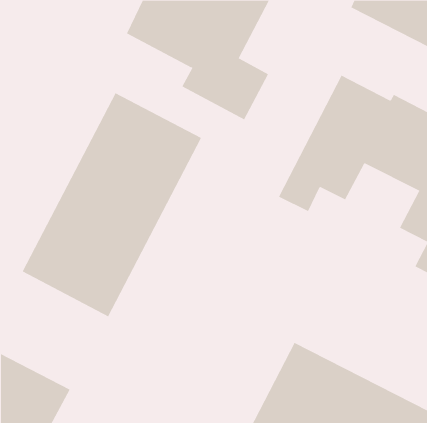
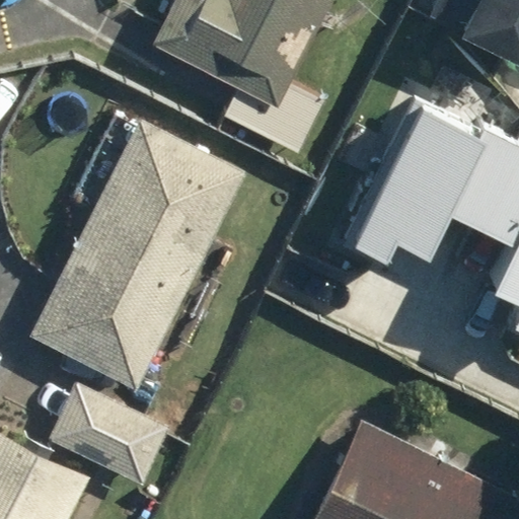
building: none -> [47,382,172,486]

